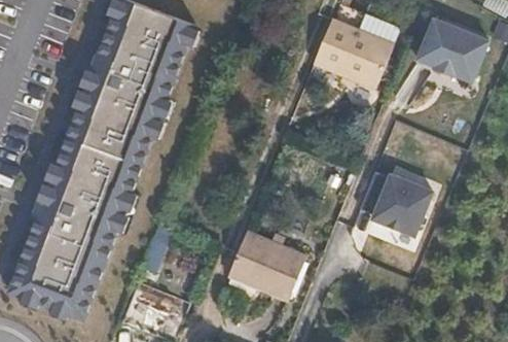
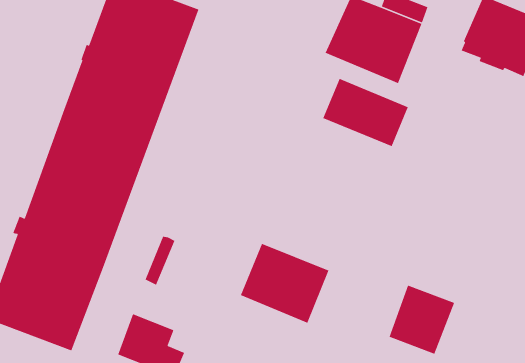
building: none -> [322,78,409,147]
building: [375,171,433,232] -> [388,285,455,355]

